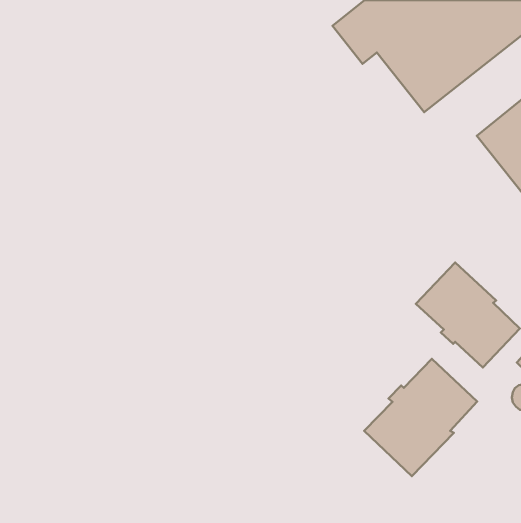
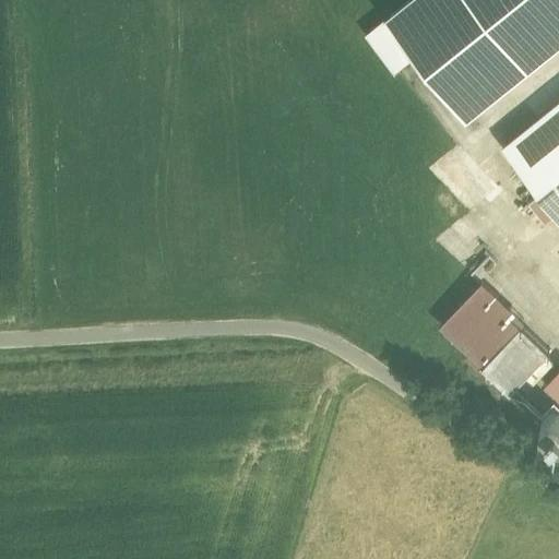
building: [364,359,477,476] -> none

